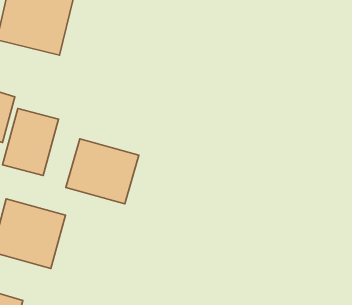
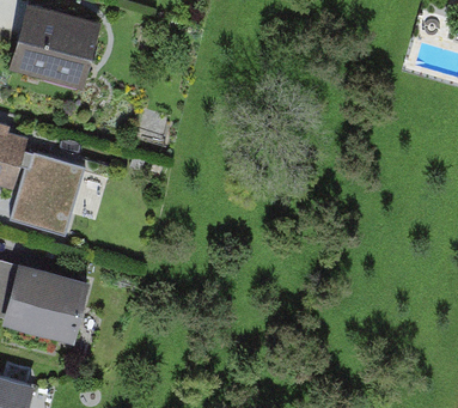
building: [66,139,139,204] -> none

